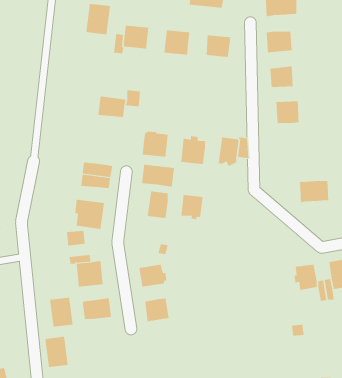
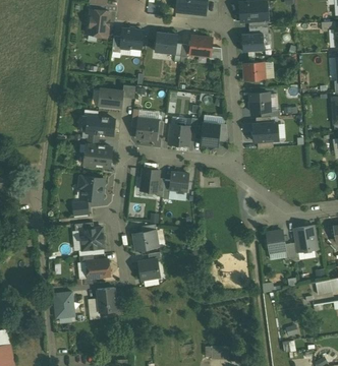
building: [141,164,175,187] -> [87,116,115,135]
building: [299,180,329,203] -> [252,123,278,142]
building: [49,297,73,327] -> [97,288,117,313]

